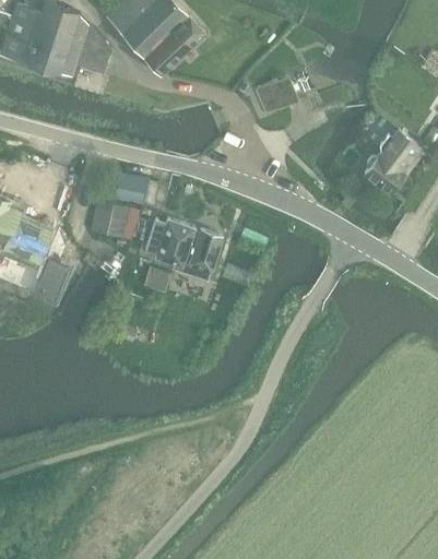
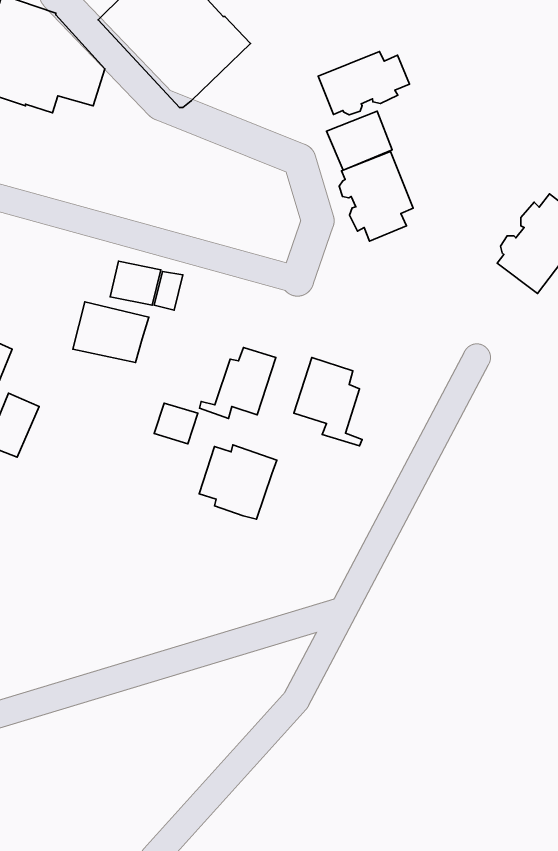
building: none -> [318,52,410,115]
building: none -> [339,151,413,241]
building: [143,218,193,266] -> [199,445,277,519]
building: none -> [294,357,362,446]

